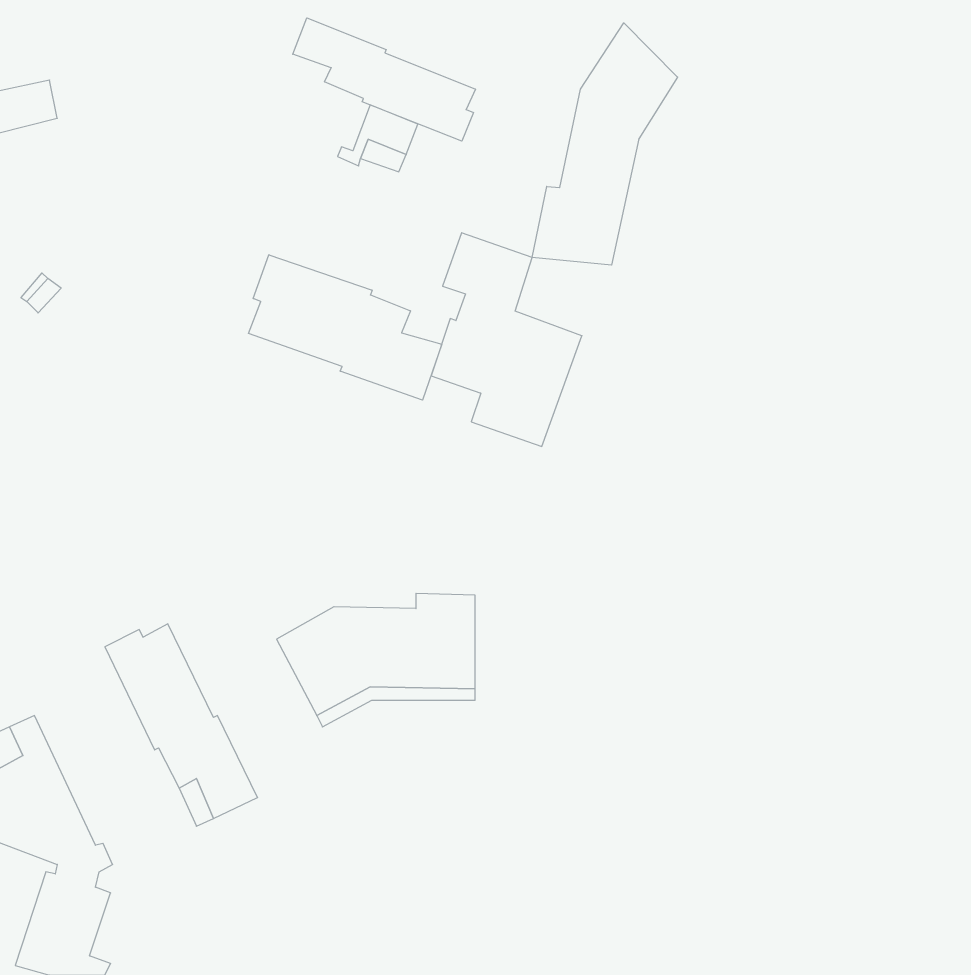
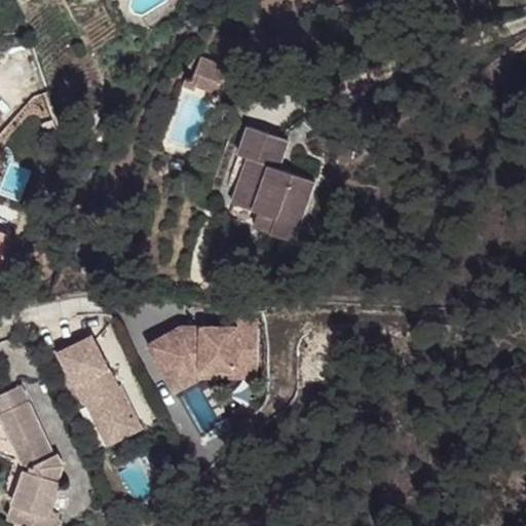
building: [293,18,475,141] -> none
building: [532,23,678,265] -> none
building: [248,255,442,400] -> none

